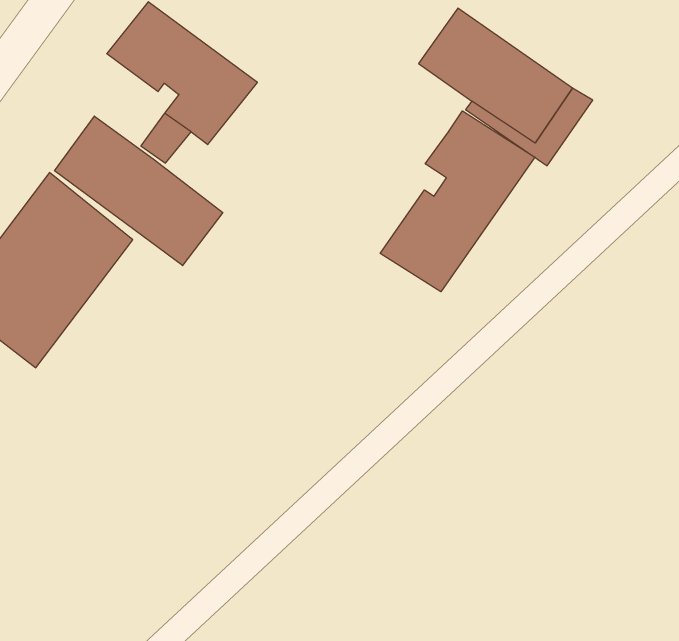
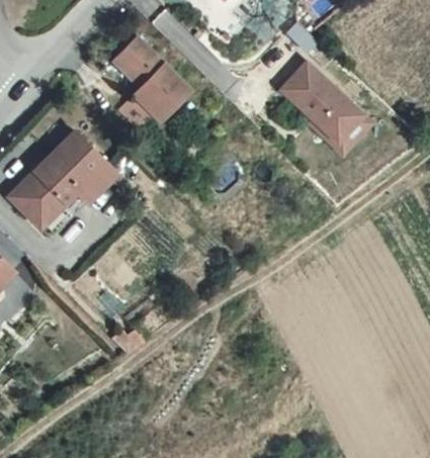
building: [380,111,535,292] -> none
building: [55,116,223,266] -> none

